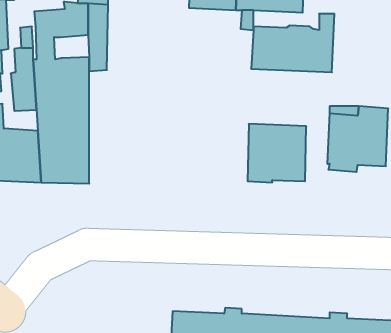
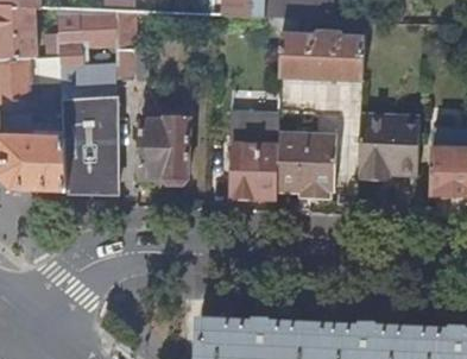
building: none -> [229,112,279,200]
building: none -> [139,116,190,184]

